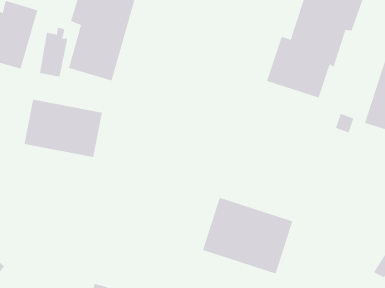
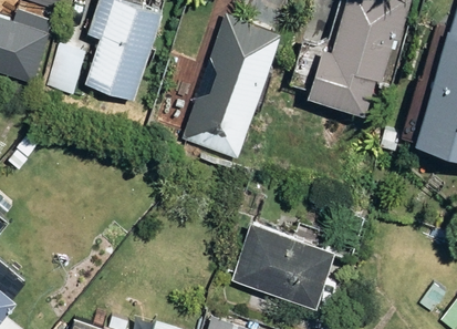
building: none -> [181,13,279,160]
building: [24,99,102,158] -> none

